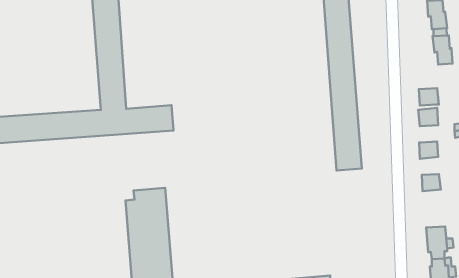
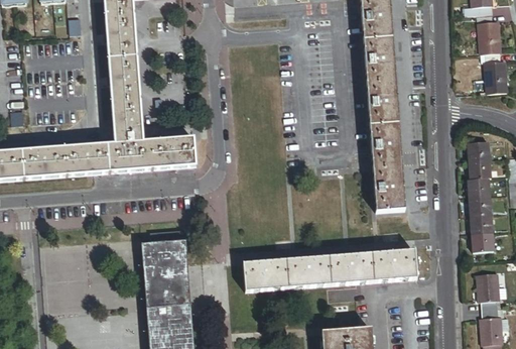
building: [419,88,439,106] -> [469,159,491,179]
building: none -> [469,195,490,215]
building: none -> [472,231,493,251]
building: none -> [243,249,416,289]

